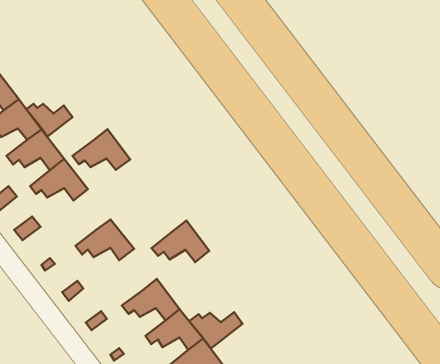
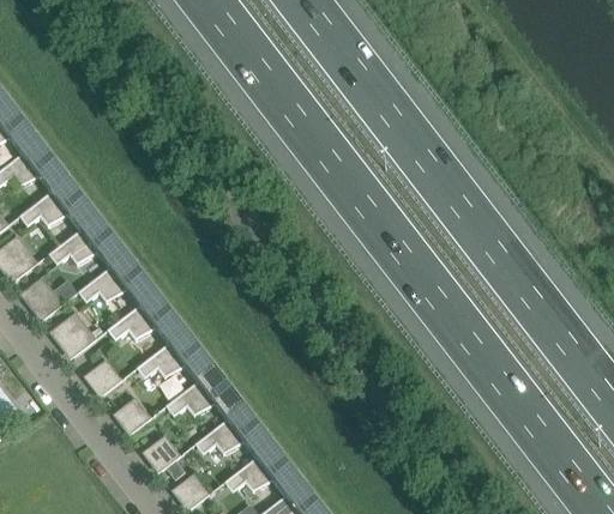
building: [26,104,72,137] -> none
building: [72,129,130,170] -> [114,290,187,341]
building: [152,221,209,262] -> [173,365,246,418]
building: [189,312,242,349] -> none

